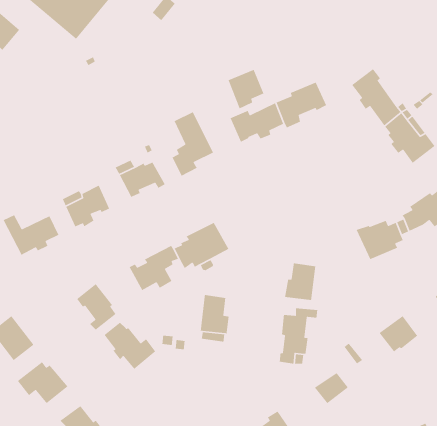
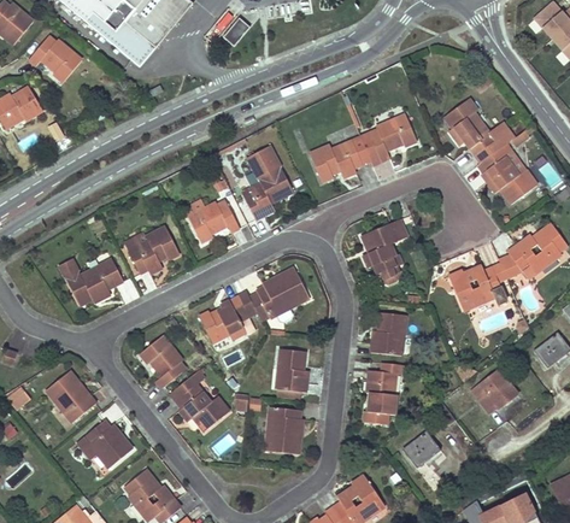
building: [227,69,265,110] -> none
building: none -> [362,219,406,274]
building: none -> [266,405,304,453]

